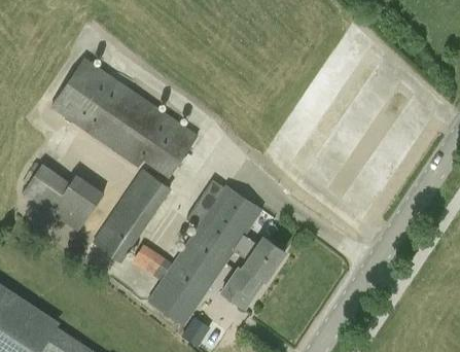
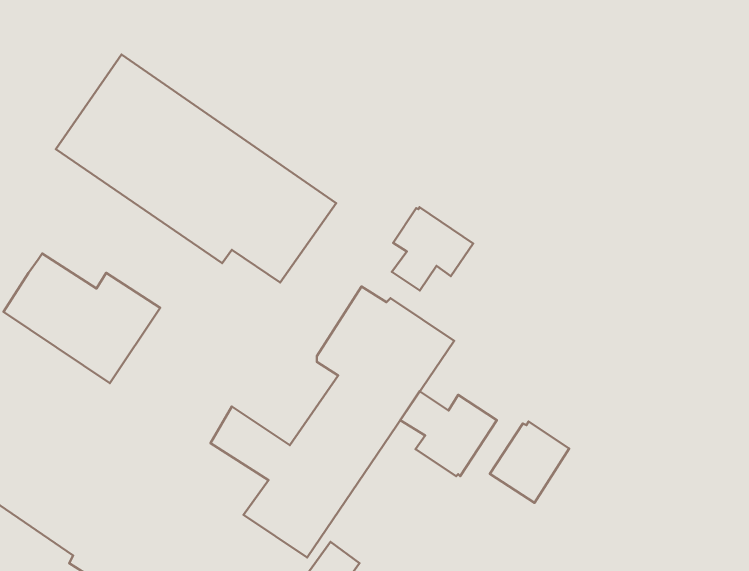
building: none -> [392,207,473,291]
building: [92,169,172,262] -> none
building: [220,267,262,310] -> [490,421,569,503]

